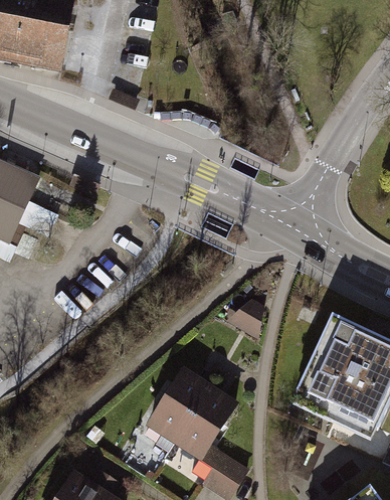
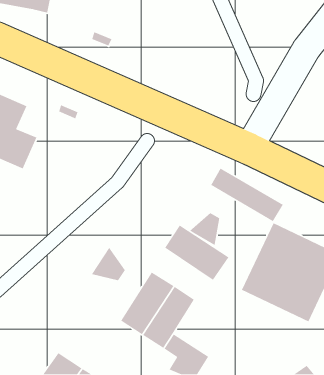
building: none -> [210,168,284,222]
building: none -> [164,224,229,281]
building: none -> [91,247,126,281]

